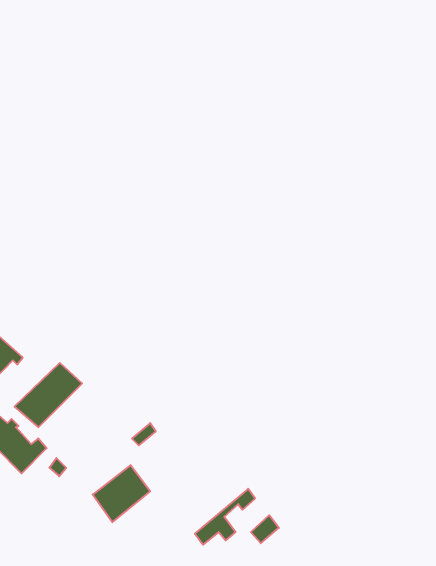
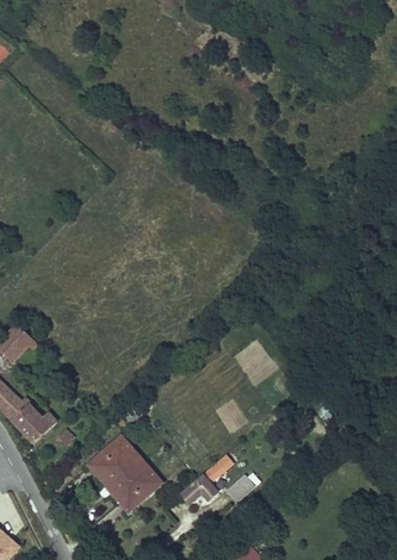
building: [15,363,82,427] -> none
building: none -> [111,458,162,509]

